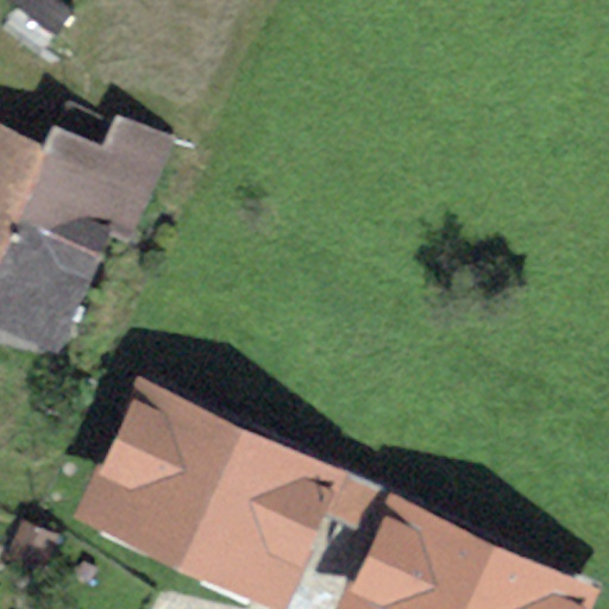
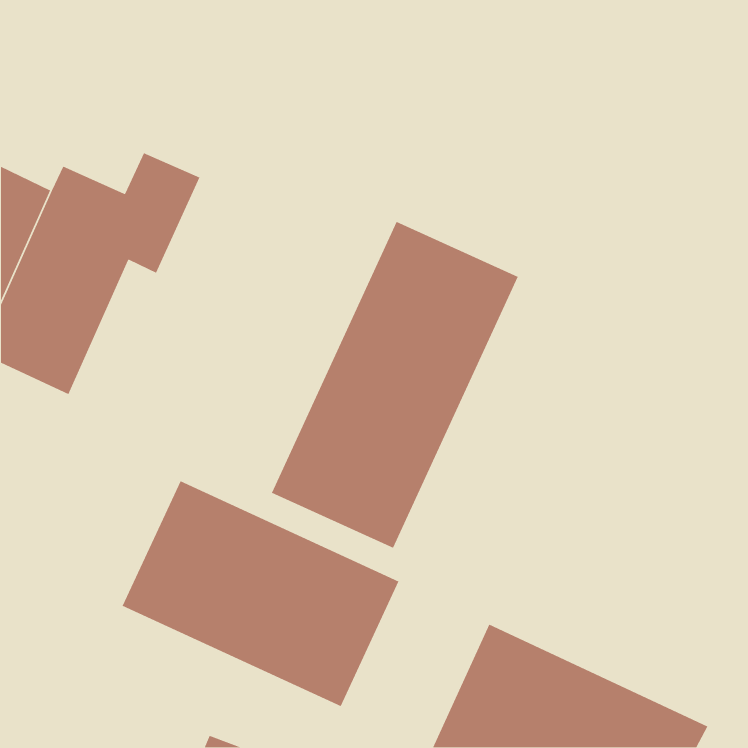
building: none -> [271,221,519,549]

